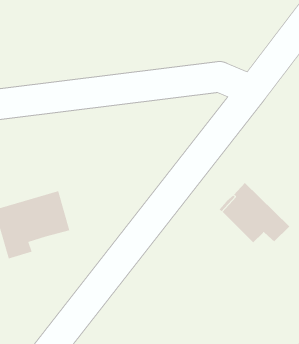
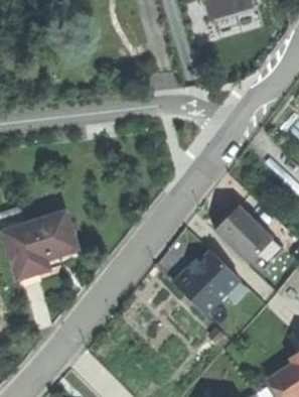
building: none -> [174,249,242,312]

